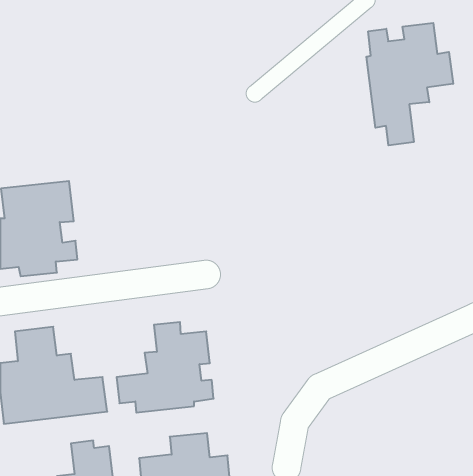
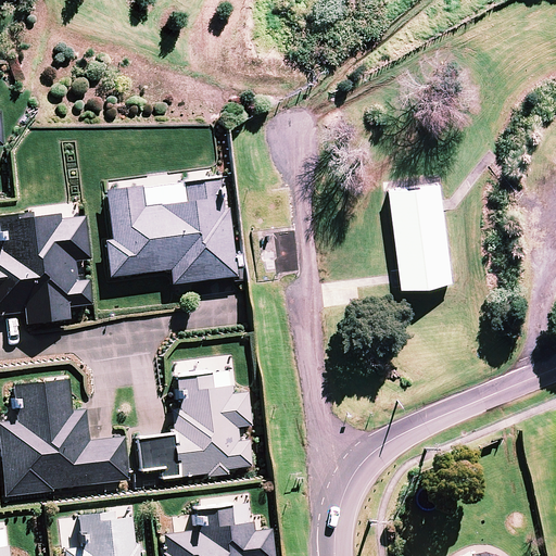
building: [366,23,453,145] -> none
building: none -> [375,175,446,294]
building: none -> [109,178,237,283]

